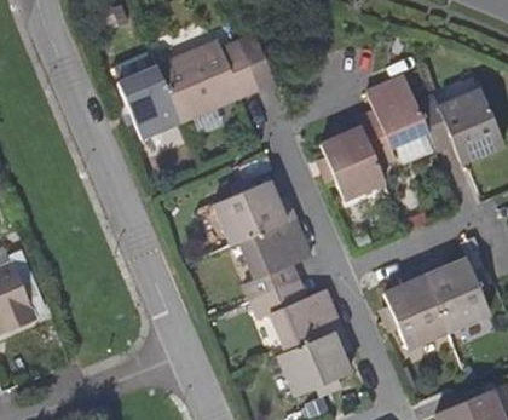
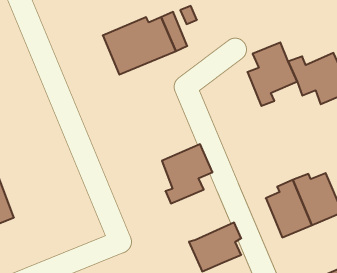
building: [116,52,181,138] -> none
building: [322,119,386,200] -> none
building: [215,182,294,246] -> none
building: [253,282,341,352] -> none

